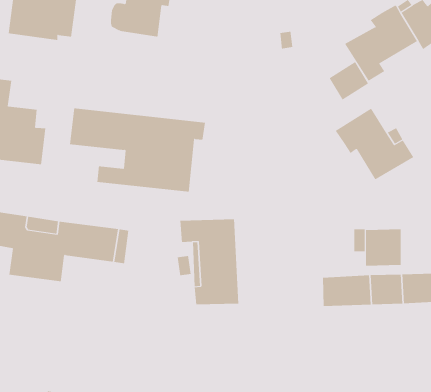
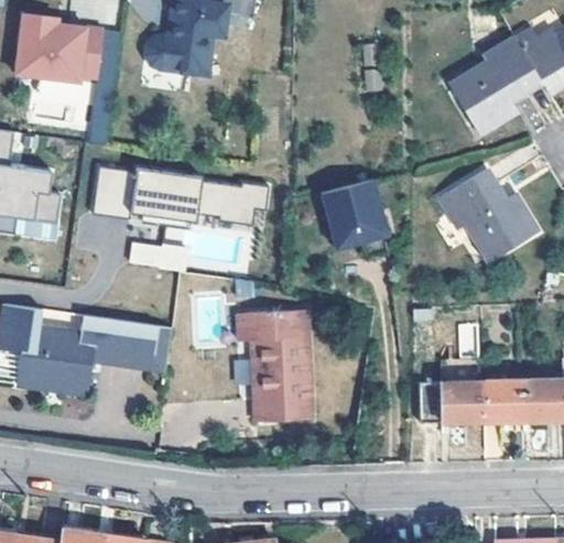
building: [329,61,369,101] -> none
building: none -> [318,193,372,251]
building: [366,229,401,266] -> none

